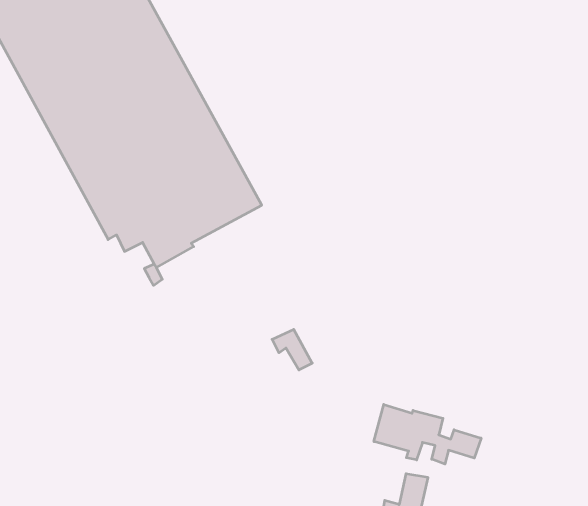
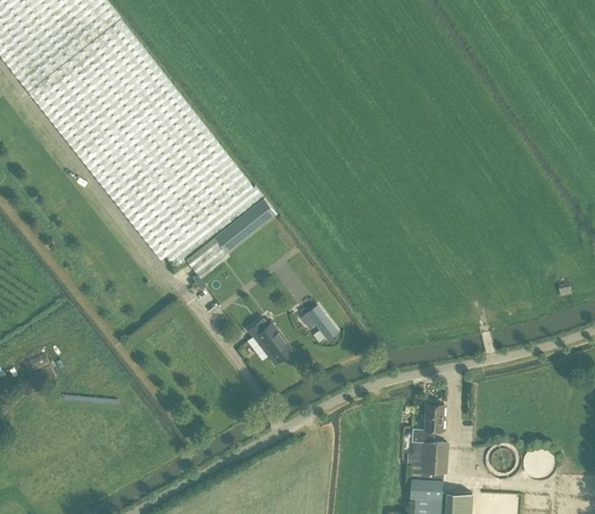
building: none -> [247,318,293,363]
building: [374,404,481,464] -> none

